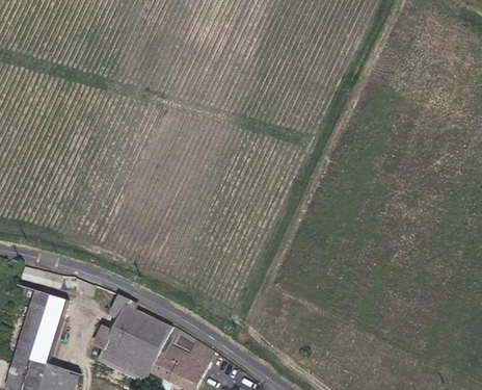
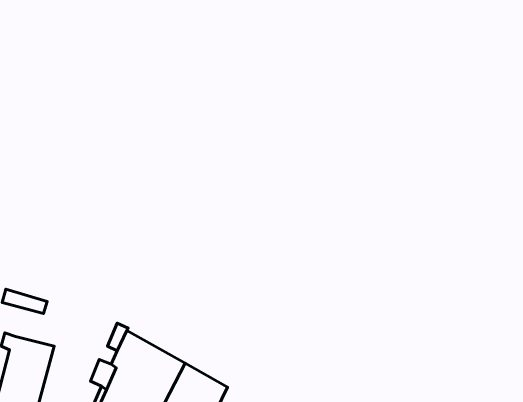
building: [28,289,64,314] -> none

